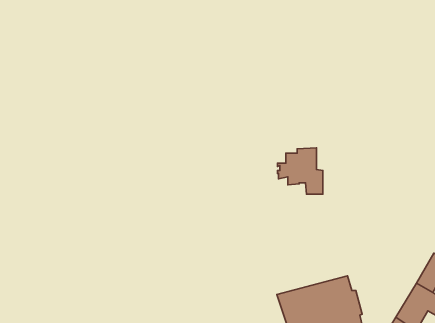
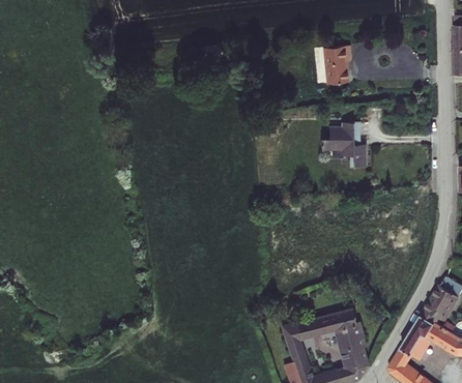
building: none -> [323,46,352,85]
building: [278,148,323,194] -> [321,122,367,169]

